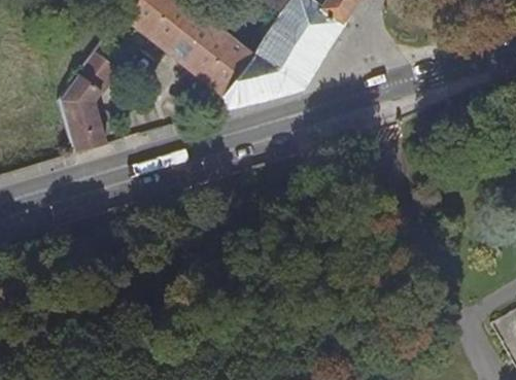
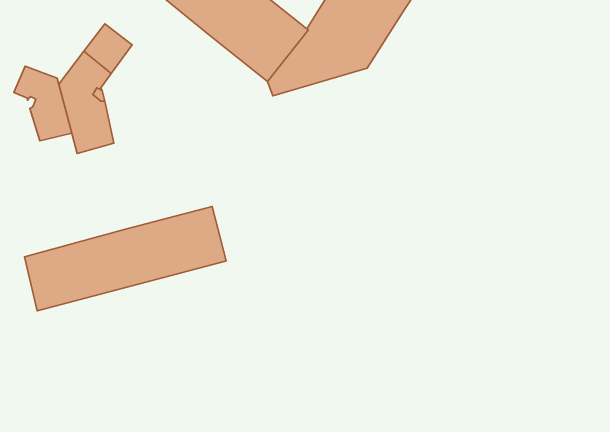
building: none -> [14,66,72,141]
building: none -> [24,207,226,311]

